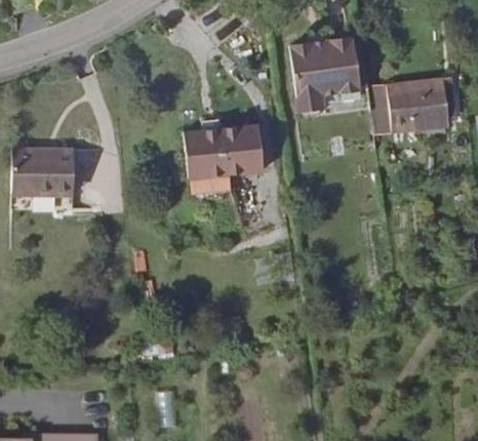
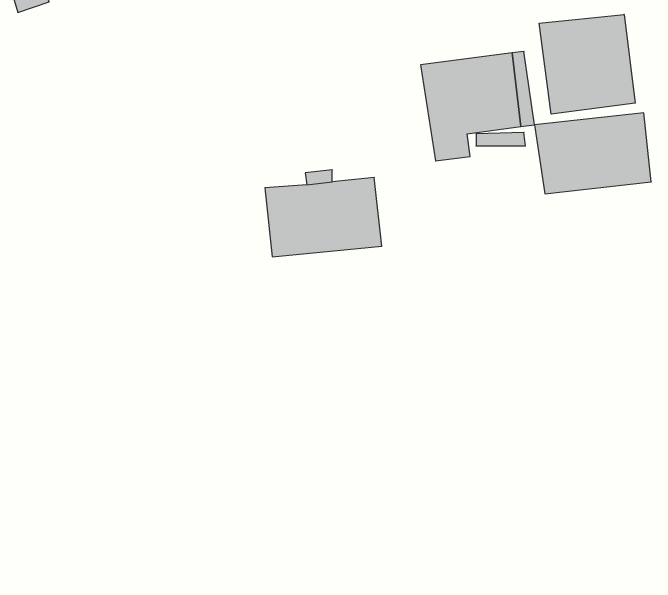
building: none -> [539,14,635,114]
building: [11,149,75,211] -> none

